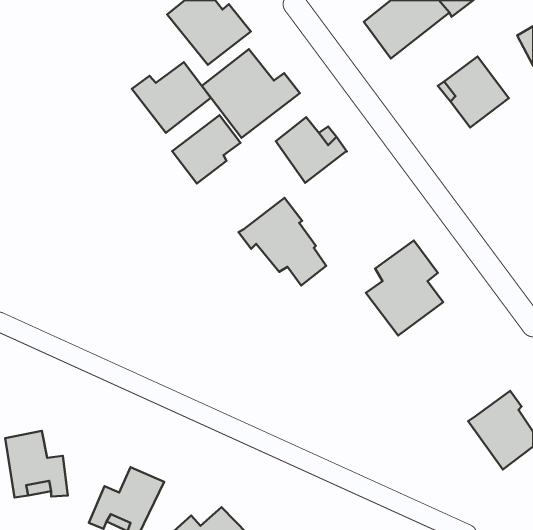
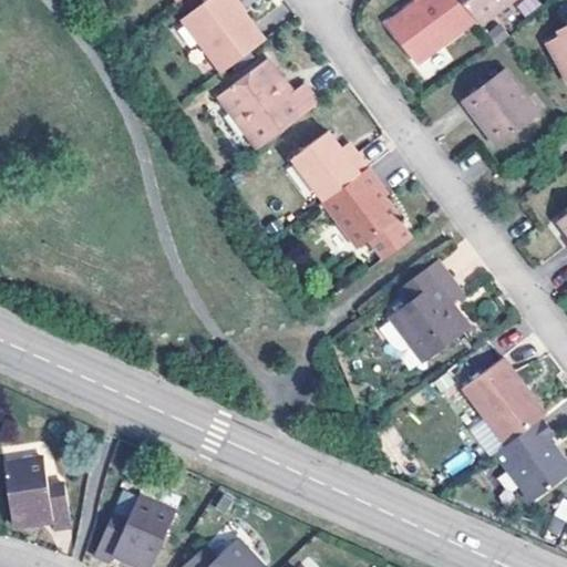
building: [132,62,211,133] -> none
building: [172,115,241,183] -> none
building: [238,198,326,286] -> [318,165,411,258]
building: none -> [462,359,540,445]

